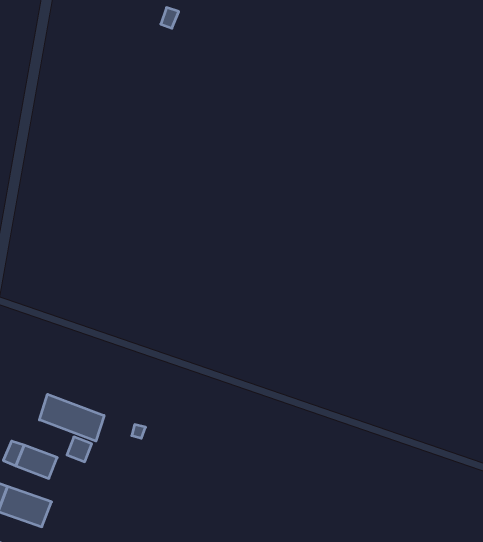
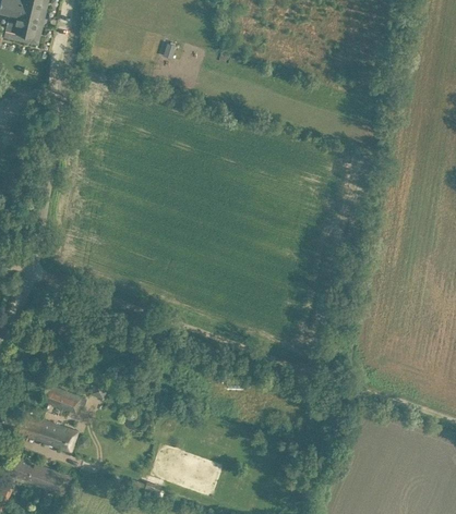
building: [39,394,104,441] -> none

